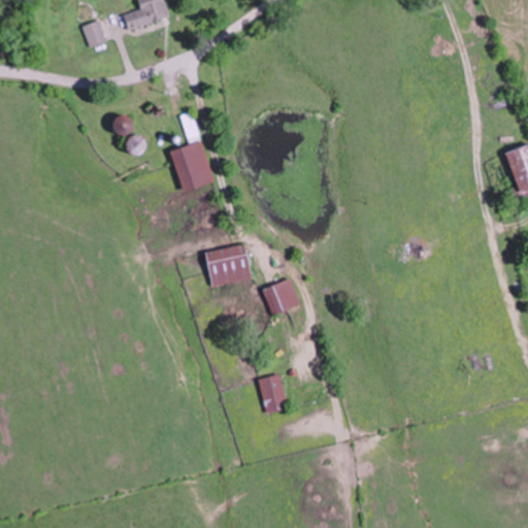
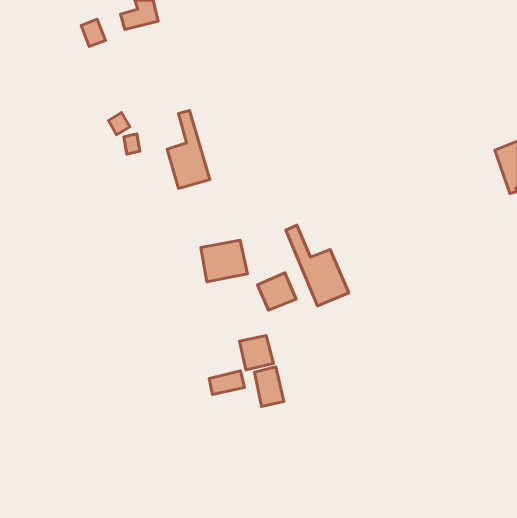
building: none -> [286,225,349,306]
building: none -> [240,335,273,370]
building: none -> [209,371,244,395]

